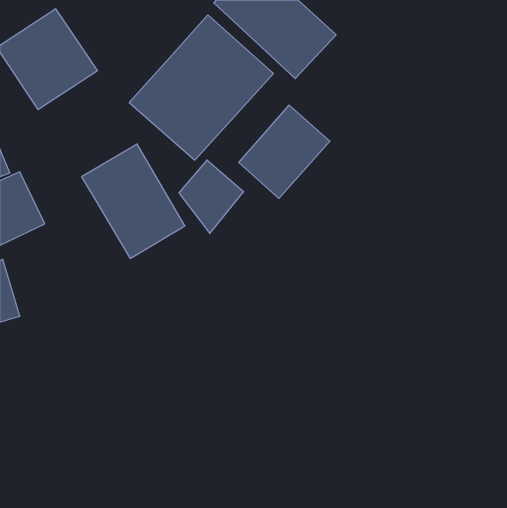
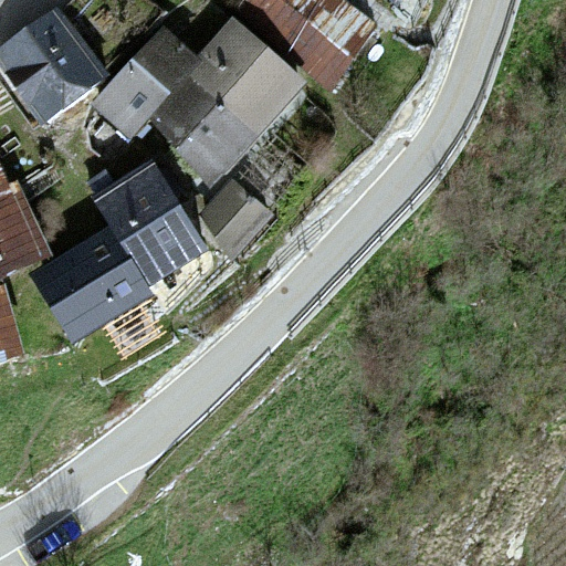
building: none -> [91,27,196,135]
building: [239,105,330,198] -> none
building: none -> [31,230,150,344]

